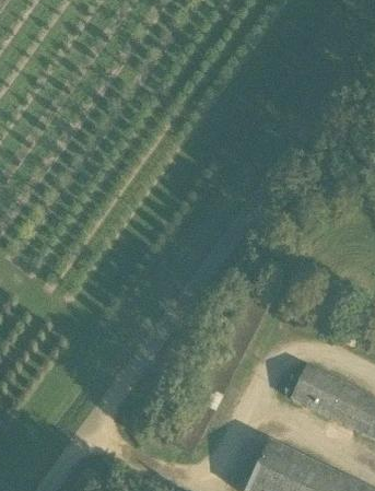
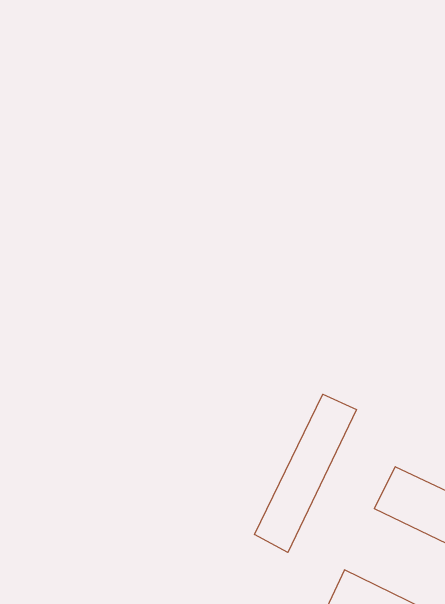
building: none -> [255,394,357,552]

